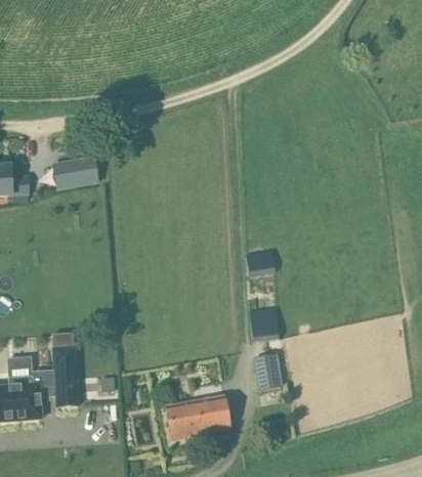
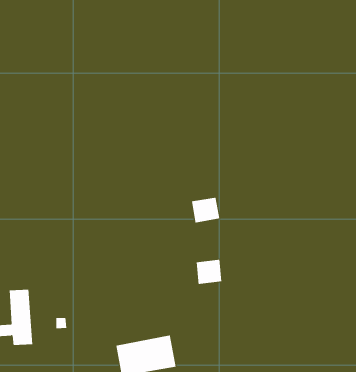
building: [52,156,97,188] -> none
building: [252,354,282,390] -> none

